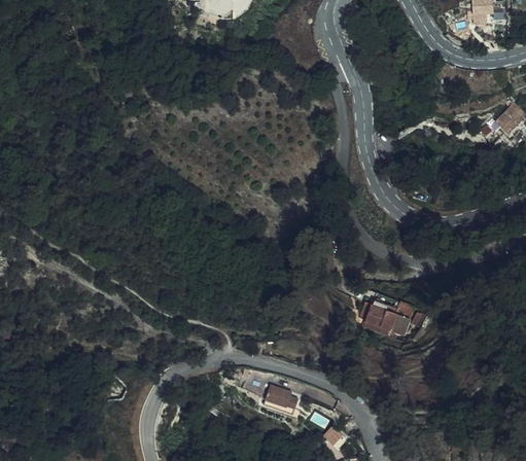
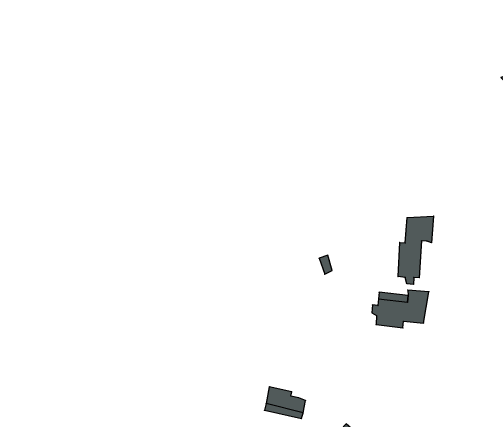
building: none -> [398,216,434,284]

